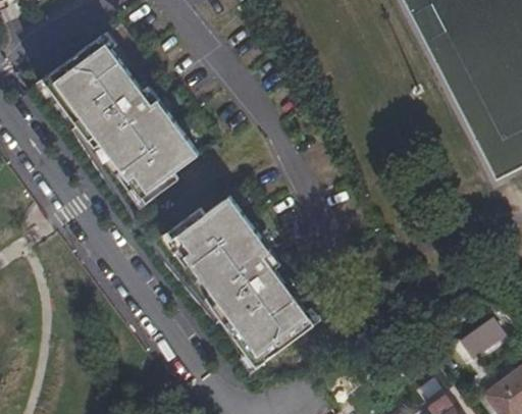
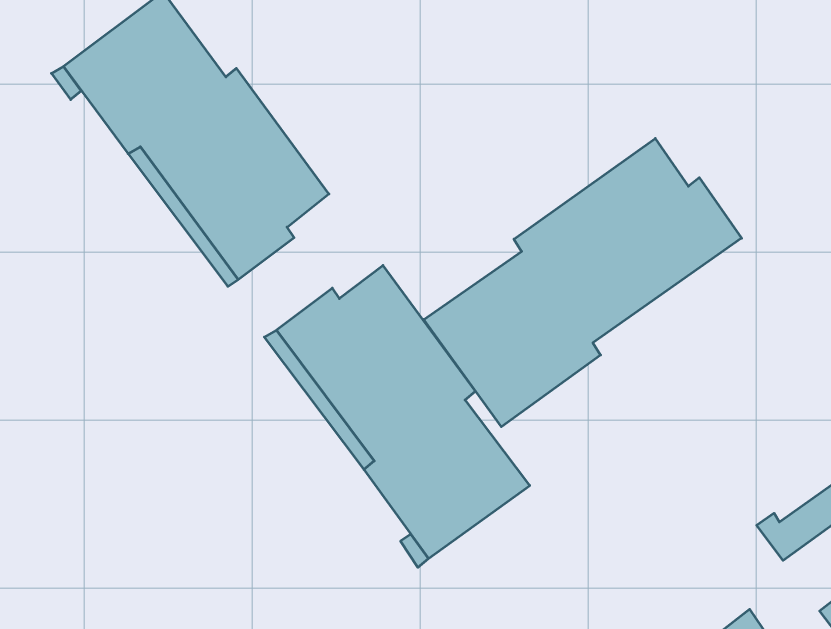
building: none -> [424,138,742,427]

